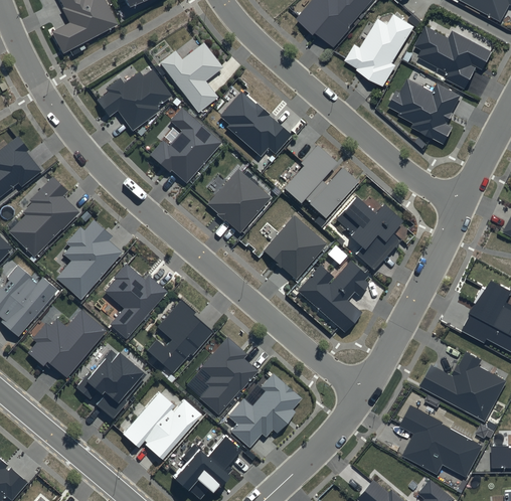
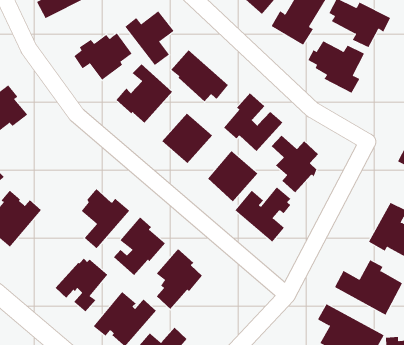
building: [11,175,80,255] -> none
building: [57,220,121,299] -> none
building: [29,311,106,377] -> none
building: [228,373,302,448] -> none

